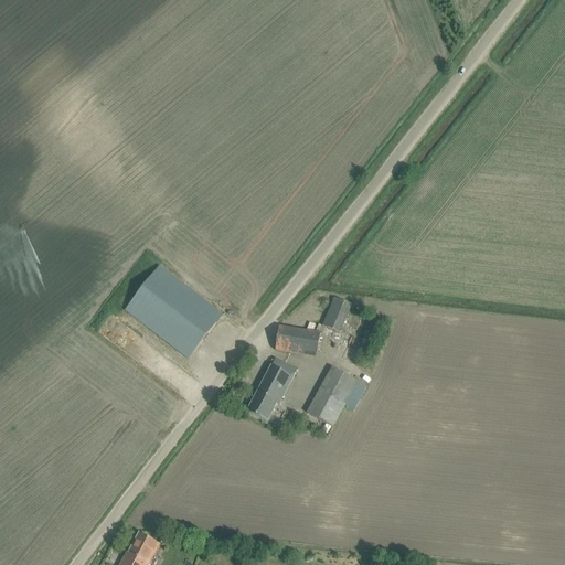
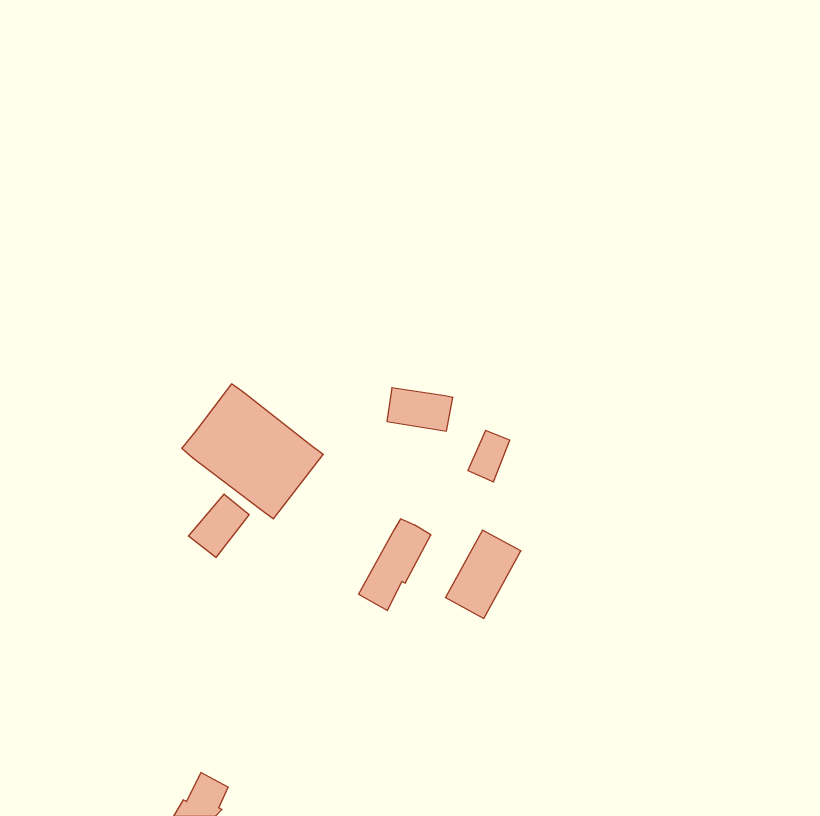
building: [275,324,320,354] -> [387,388,453,431]
building: none -> [188,494,249,557]

